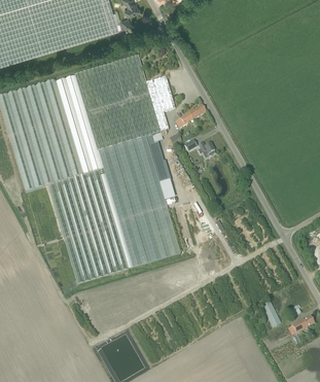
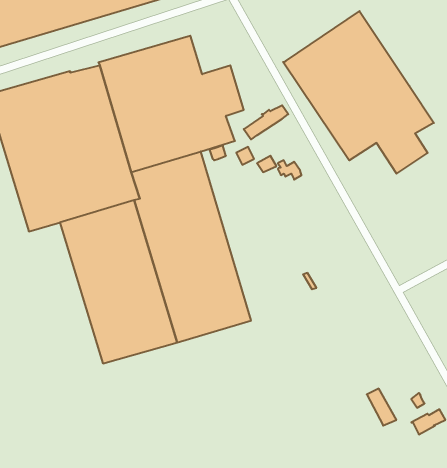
building: none -> [283,11,434,174]

